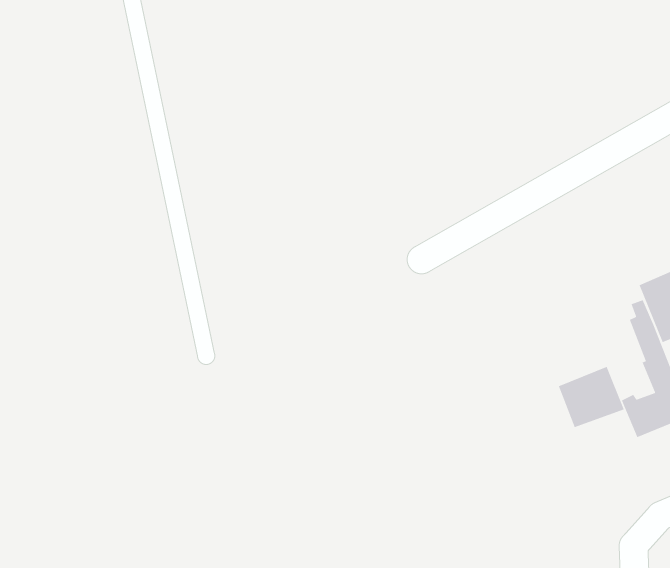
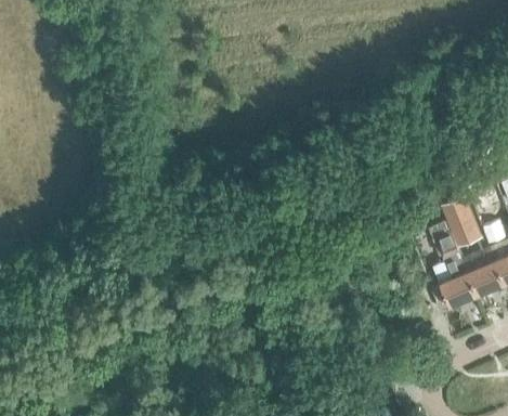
building: [558,366,625,428] -> none

